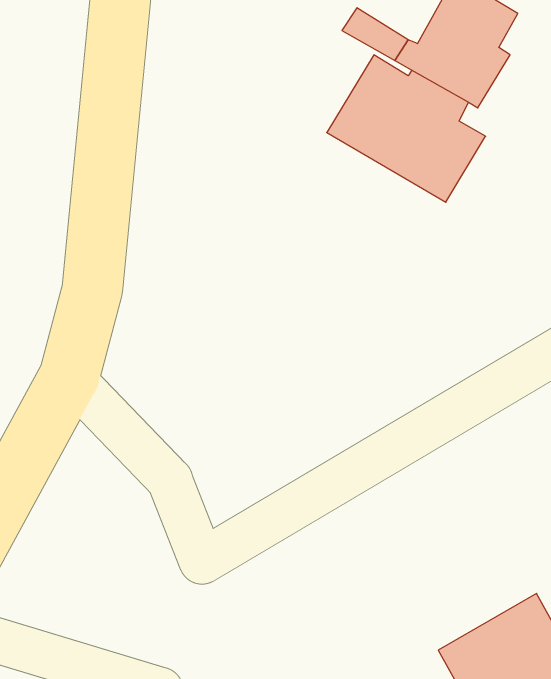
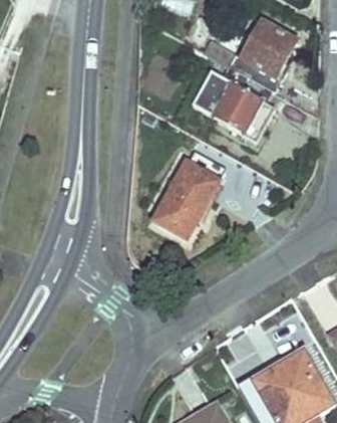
building: none -> [153,161,220,238]

